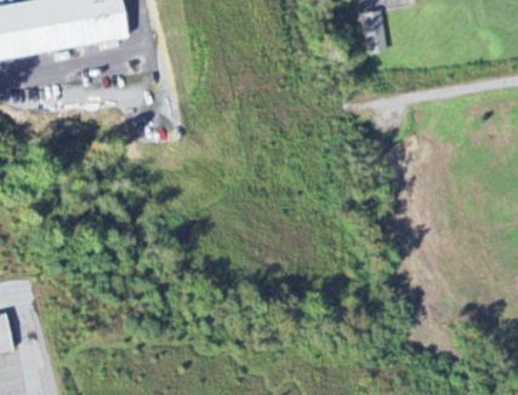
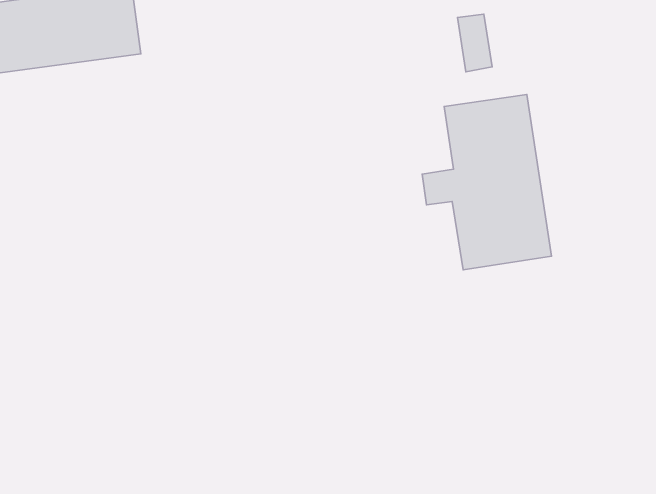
building: none -> [422,95,551,270]

